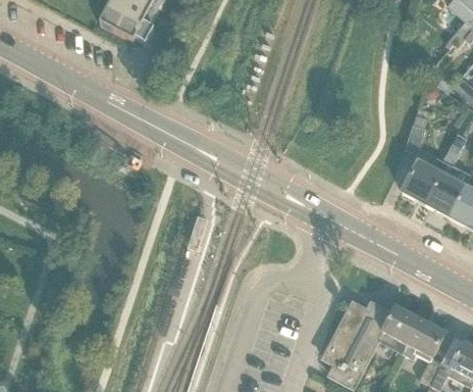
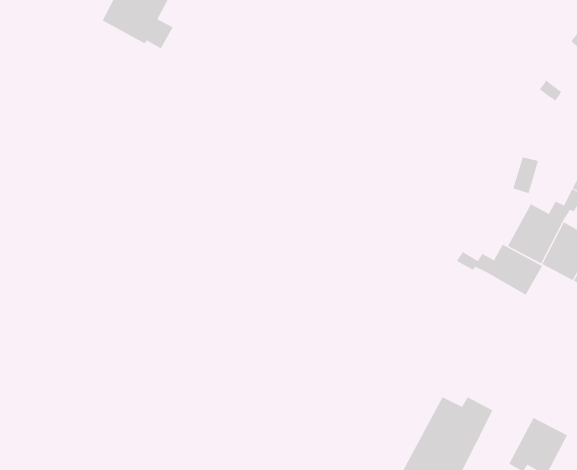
building: none -> [456,244,543,296]
building: [379,304,421,352] -> none

